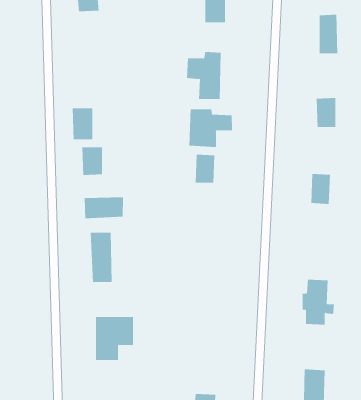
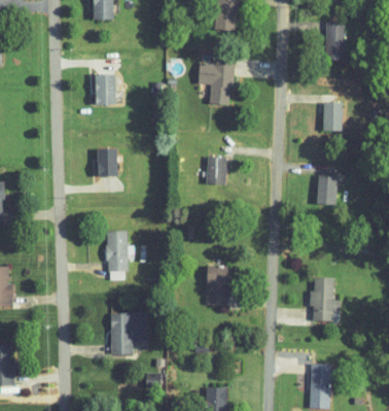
building: [72,108,93,140] -> [95,74,115,105]
building: [189,108,232,148] -> none
building: [84,197,123,219] -> none
building: none -> [206,266,229,306]

